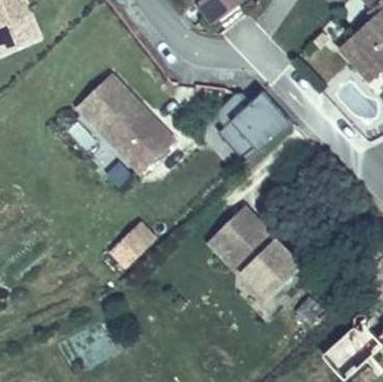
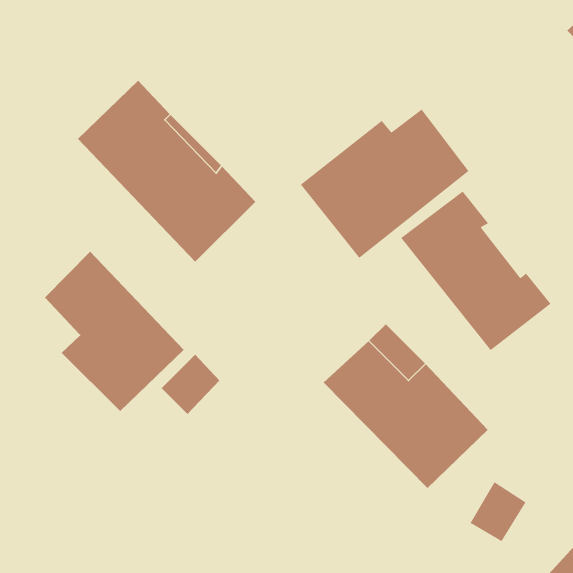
building: none -> [400,190,551,351]
building: none -> [44,251,185,412]

